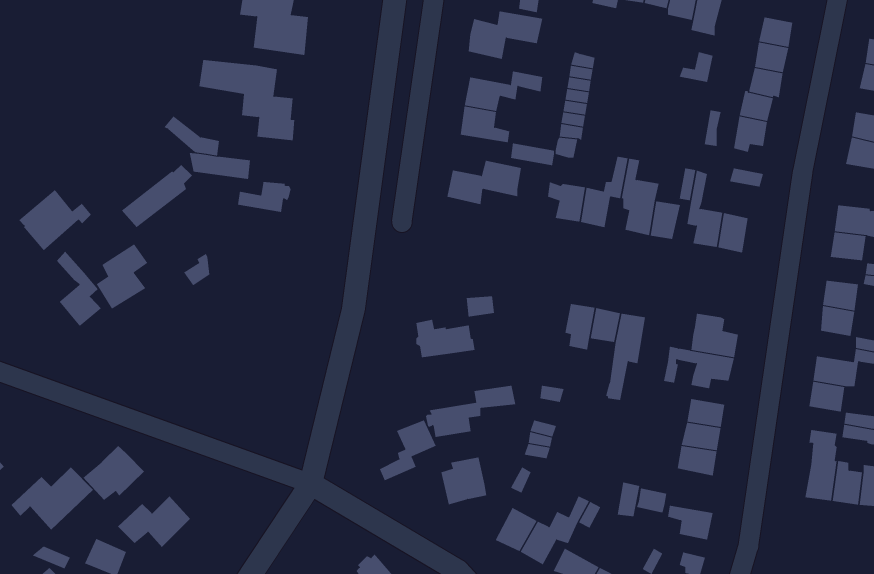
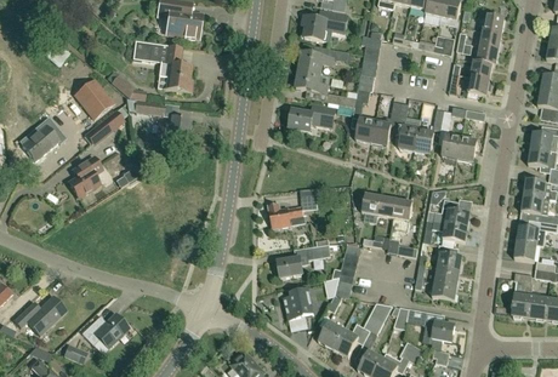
building: none -> [75,80,113,119]
building: [56,251,102,327] -> none
building: [379,420,437,481] -> none
building: [83,445,145,501] -> none

